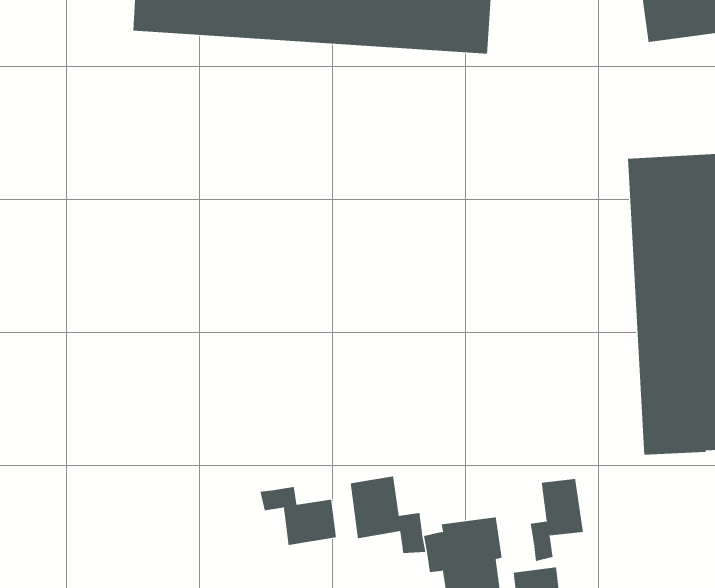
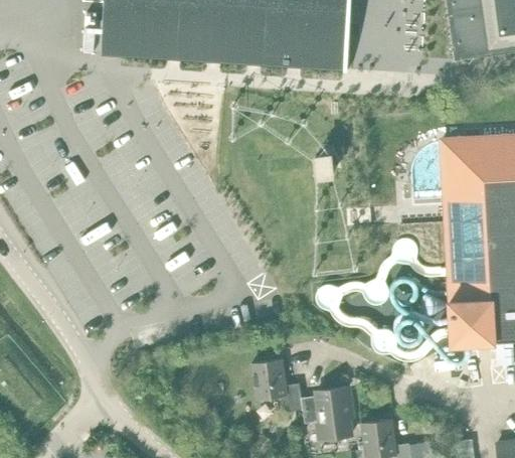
building: [530,478,584,562] -> none
building: [260,486,336,546] -> none

